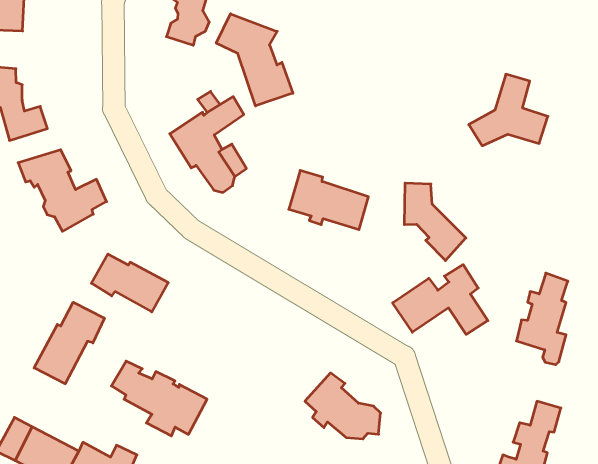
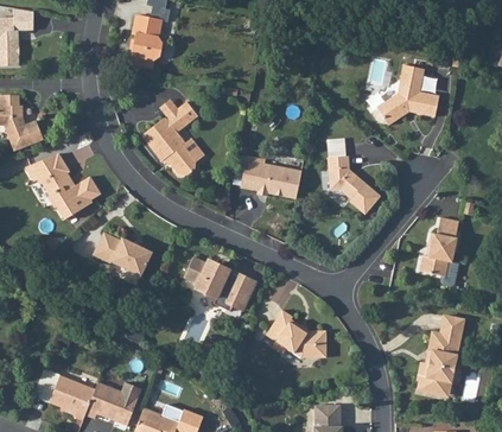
building: [216,14,293,106] -> none
building: [393,265,488,334] -> none
building: [34,302,104,384] -> none
building: [111,361,207,436] -> [182,261,256,316]

